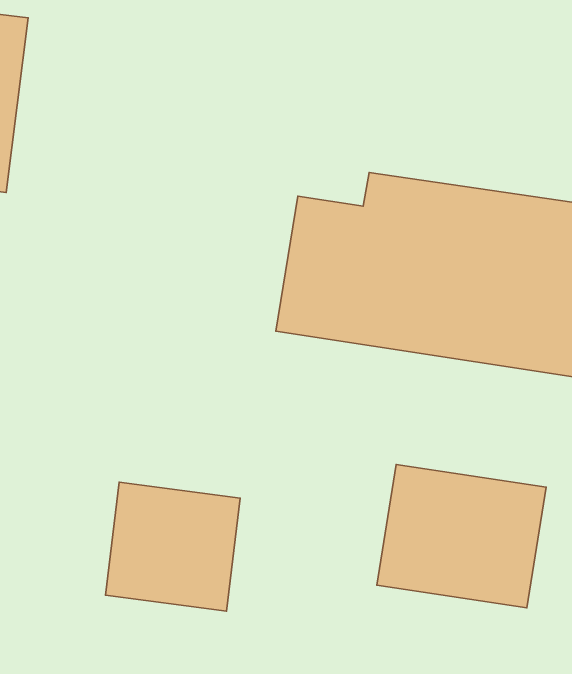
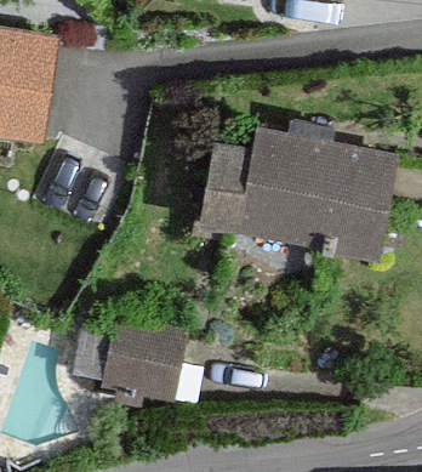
building: [377,465,546,608] -> none

